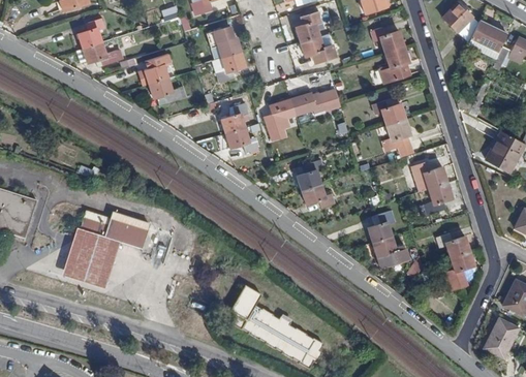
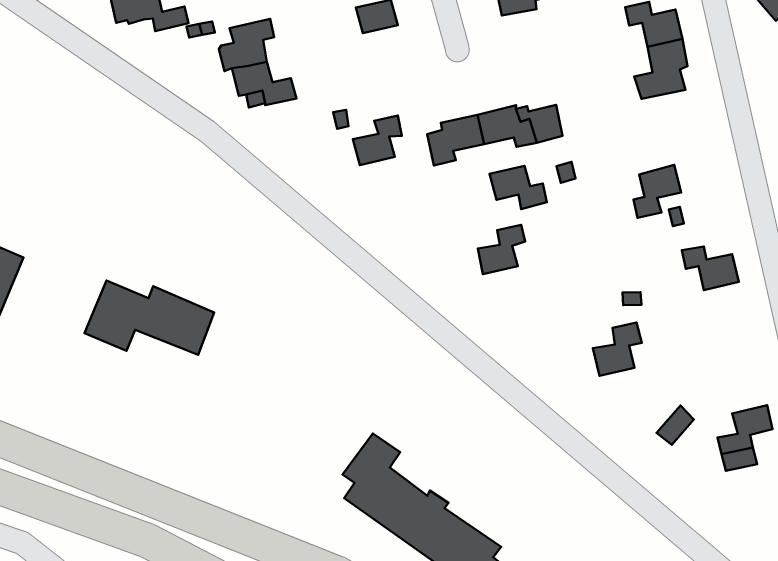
building: [300,35,333,60] -> none
building: [215,52,245,83] -> none
building: [372,100,405,126] -> none
building: [225,127,258,151] -> none
building: [417,183,453,216] -> none
building: [301,184,335,209] -> [489,166,547,209]
building: [62,228,120,289] -> none
building: [435,233,469,258] -> none
building: [372,237,406,268] -> none

